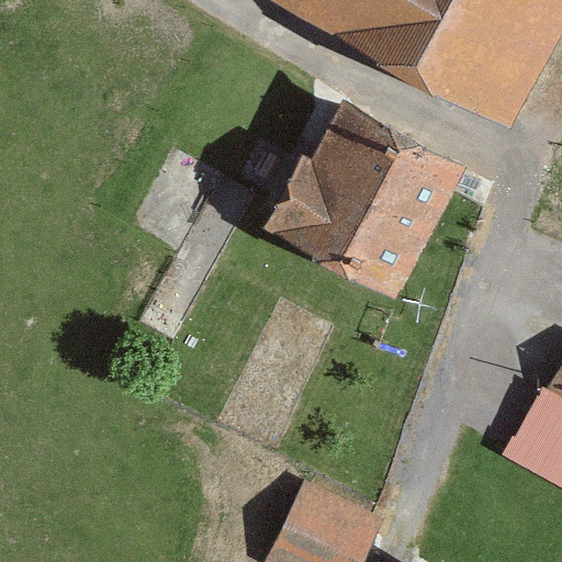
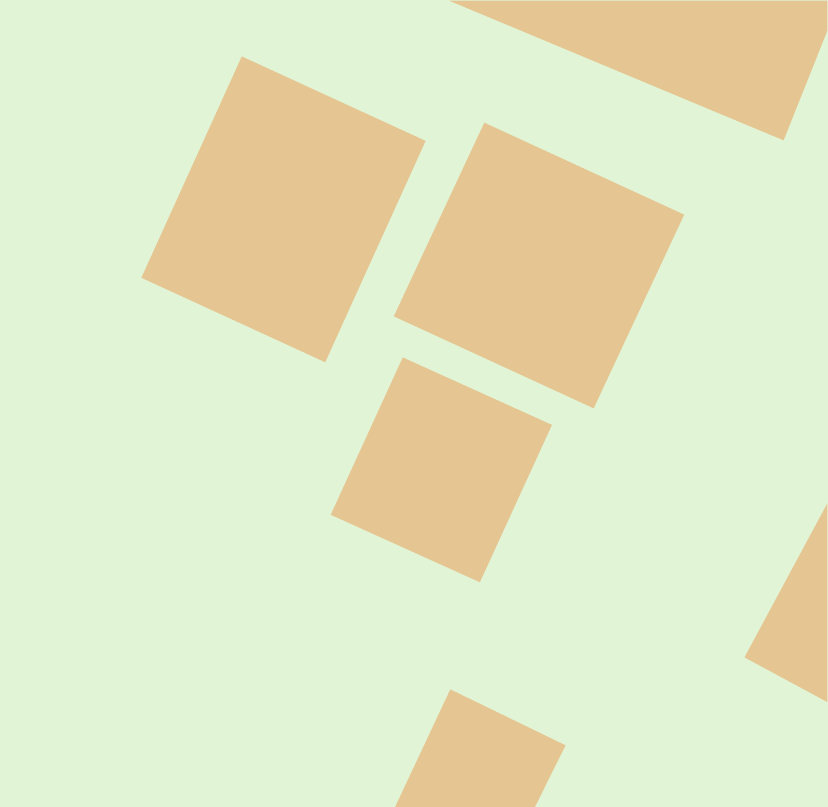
building: none -> [140,56,426,363]
building: none -> [330,356,553,583]

